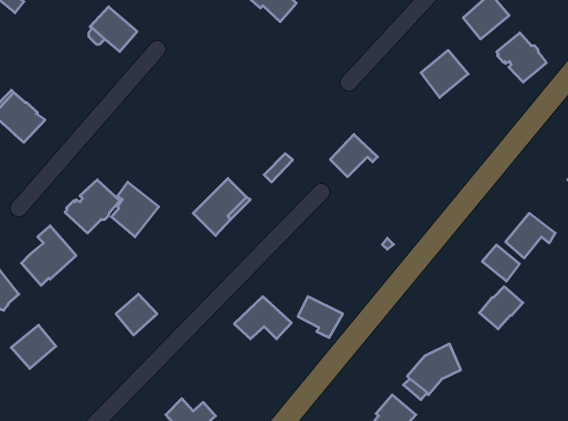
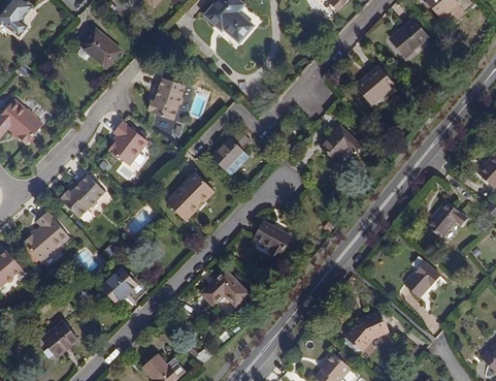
building: [497,33,546,82] -> none
building: none -> [146,75,183,119]
building: [330,134,378,177] -> [320,126,359,161]
building: none -> [211,138,242,171]
building: [111,182,159,237] -> [108,119,147,164]
building: [482,245,519,281] -> none
building: [298,297,343,338] -> [254,222,291,256]
building: [11,325,56,369] -> [40,321,77,357]

